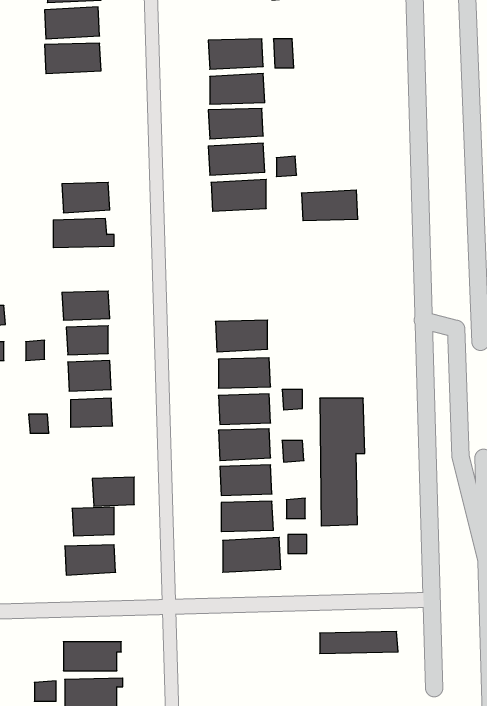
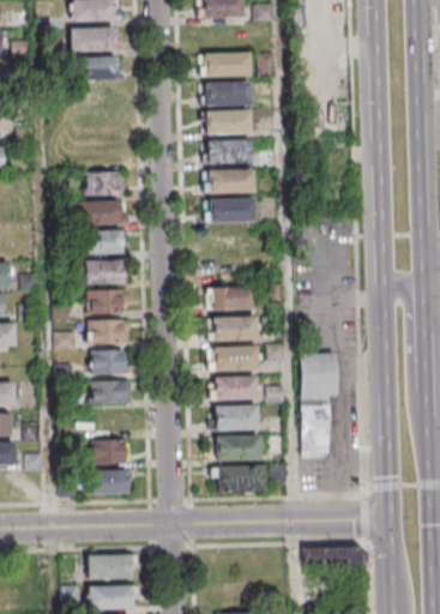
building: [301,190,358,221] -> [210,198,257,223]
building: none -> [84,230,123,255]
building: [92,477,134,506] -> [92,380,127,404]

